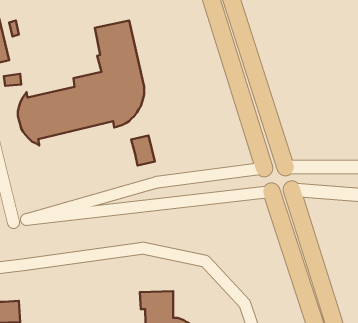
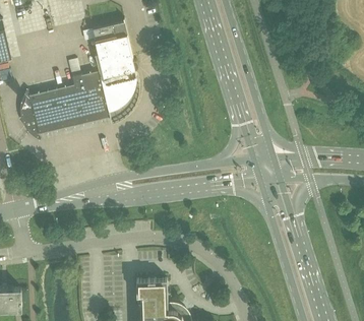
building: [131,136,155,165] -> none

